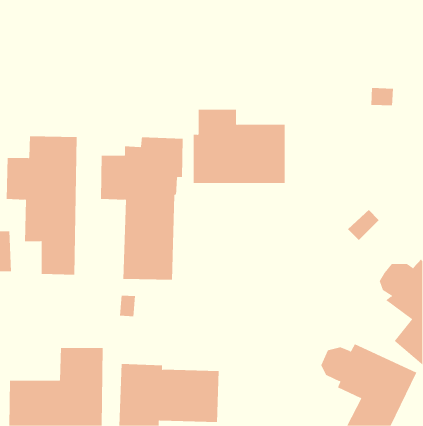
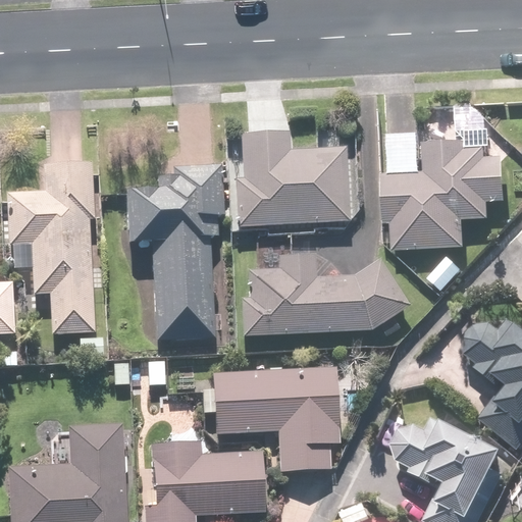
building: none -> [385,137,506,250]
building: none -> [238,256,410,337]
building: none -> [212,370,343,473]

